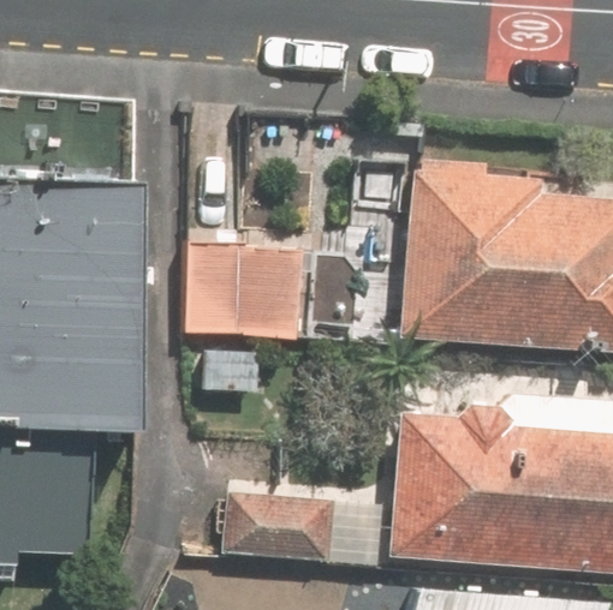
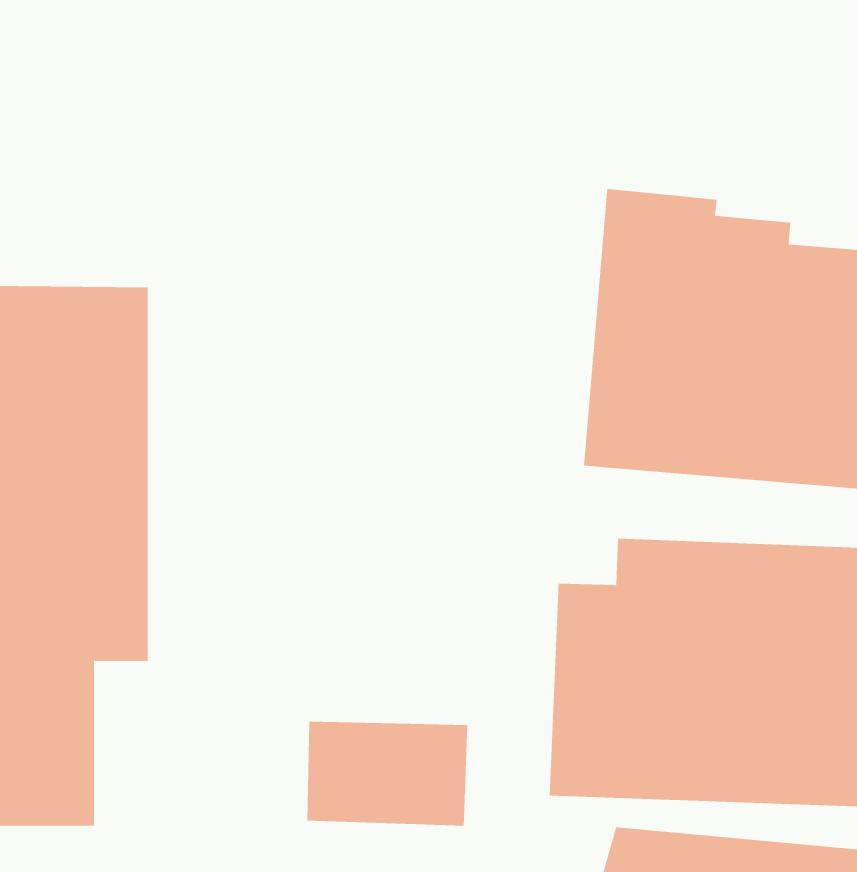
building: [178,258,302,360] -> none

